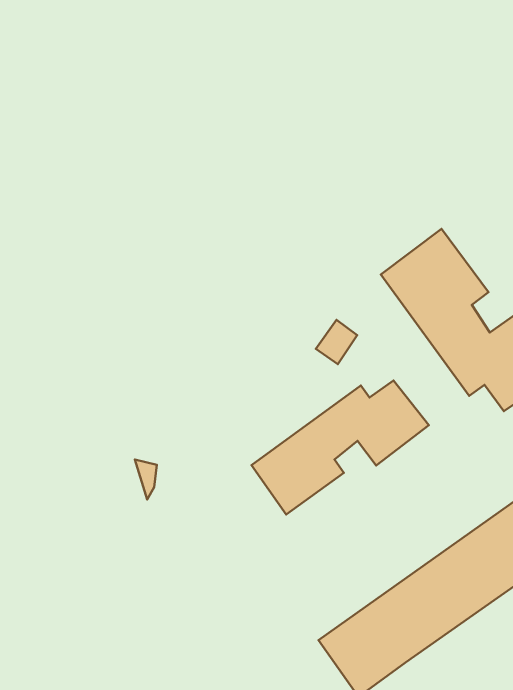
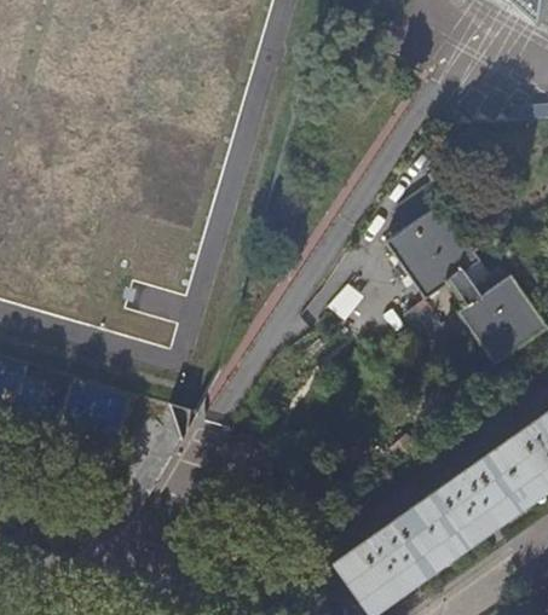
building: [251,380,429,514] -> none

